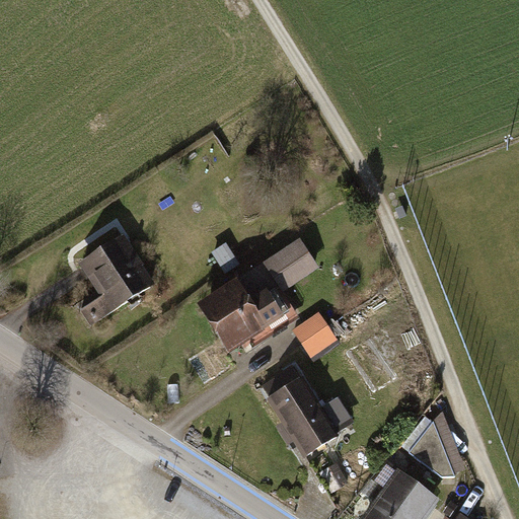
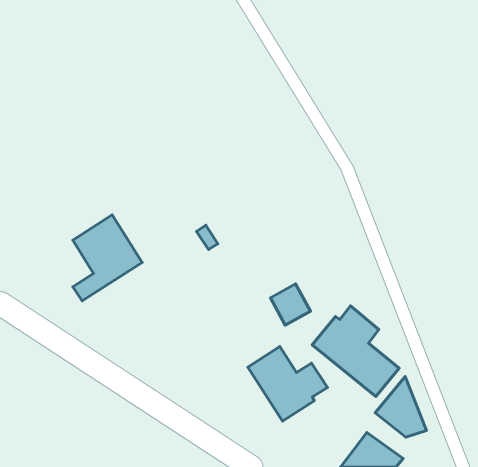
building: [193,236,319,354] -> none
building: none -> [312,306,399,397]

